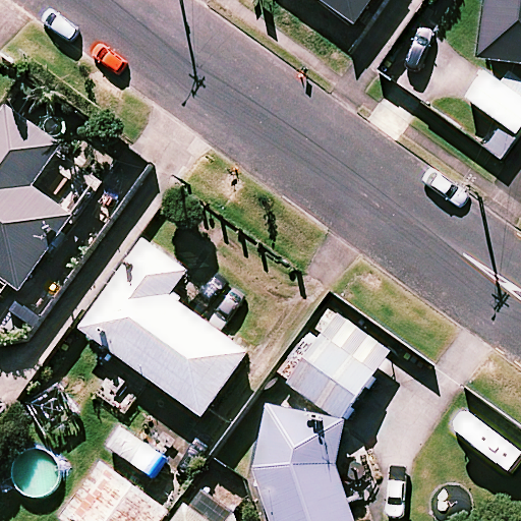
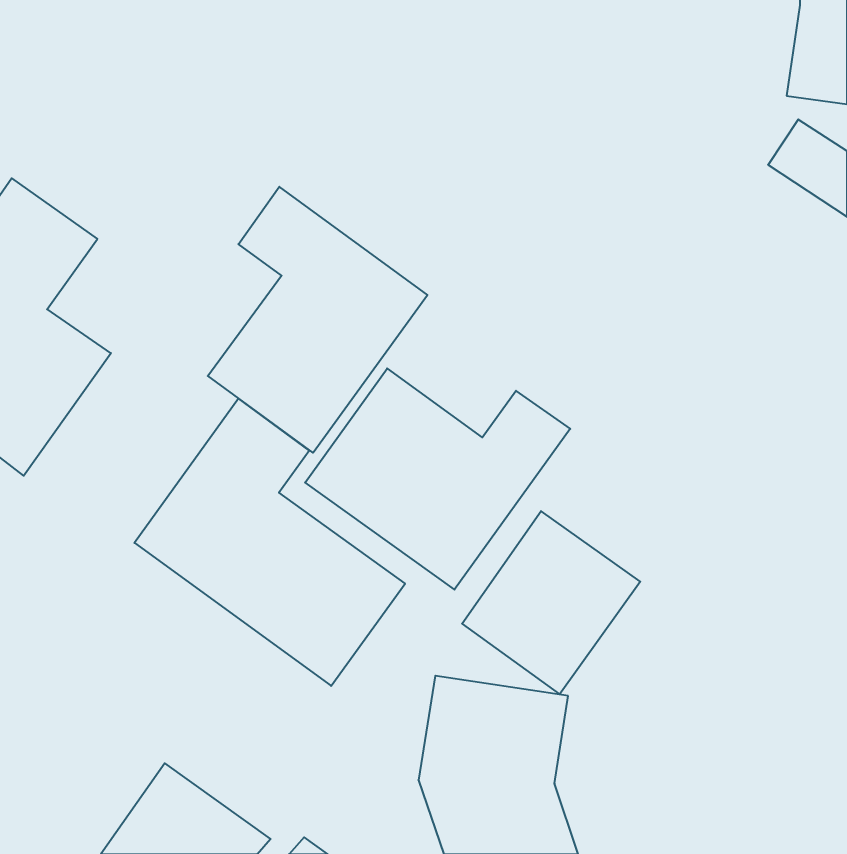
building: none -> [208,187,427,453]
building: none -> [305,368,570,590]

